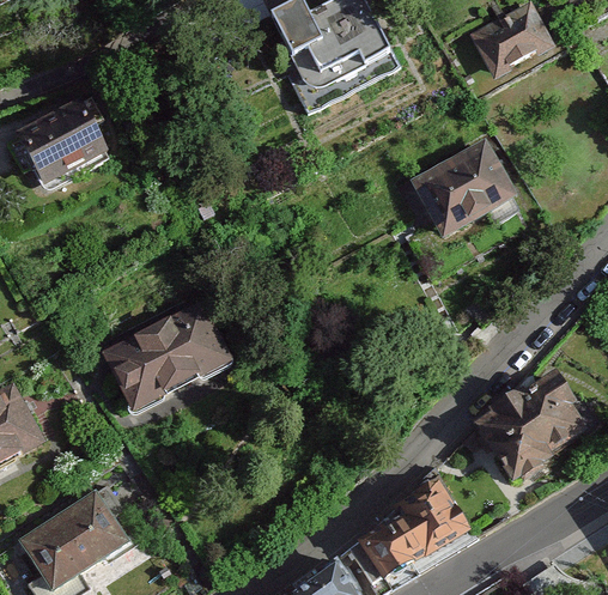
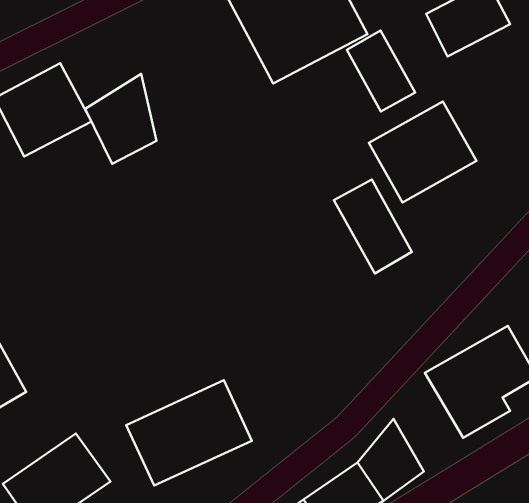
building: none -> [347,30,415,111]
building: none -> [85,74,156,164]
building: none -> [334,179,412,273]
building: [97,300,231,413] -> [126,380,252,486]

